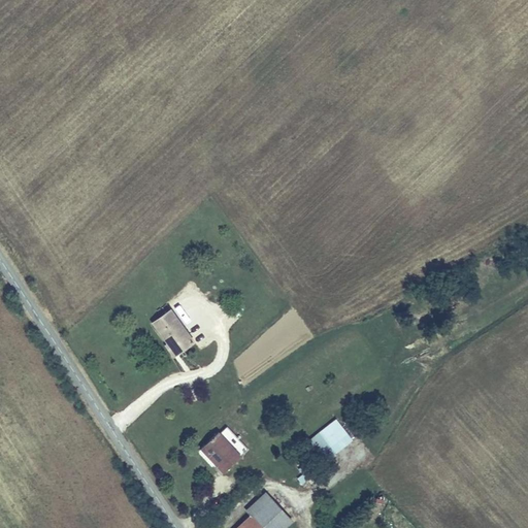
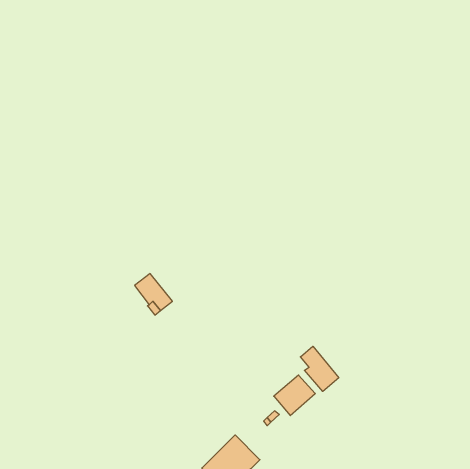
building: none -> [300,346,339,391]
building: [198,432,249,476] -> none

